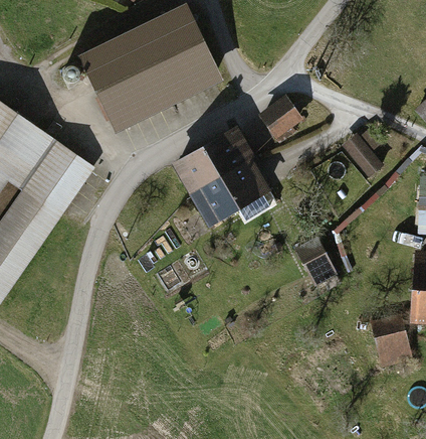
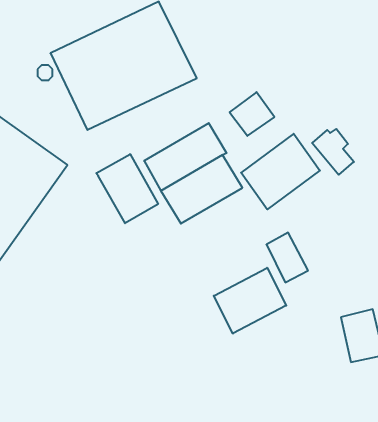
building: none -> [241,134,320,209]
building: none -> [96,154,158,223]
building: none -> [214,268,286,334]

